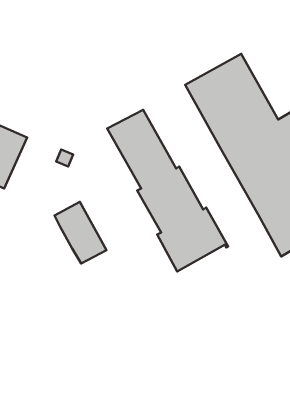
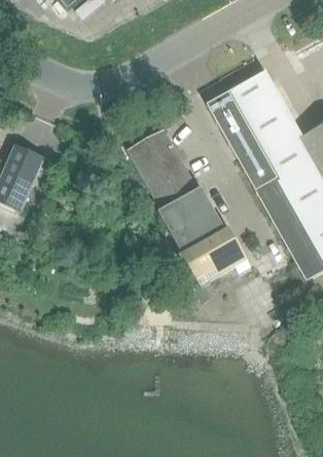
building: [54,202,106,264] -> none

